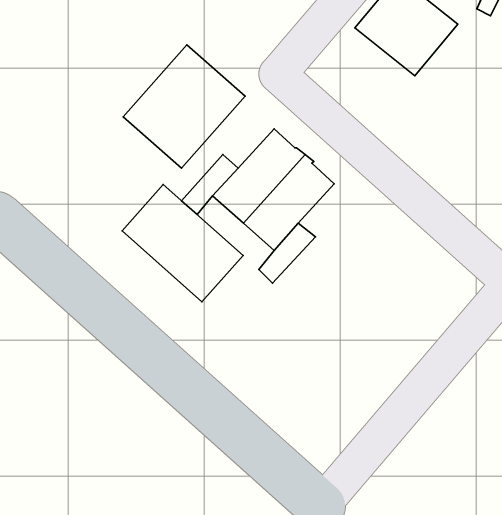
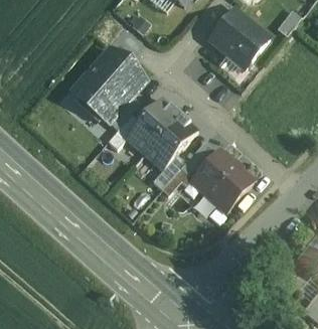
building: [122,184,243,302] -> none
building: none -> [192,150,253,210]

